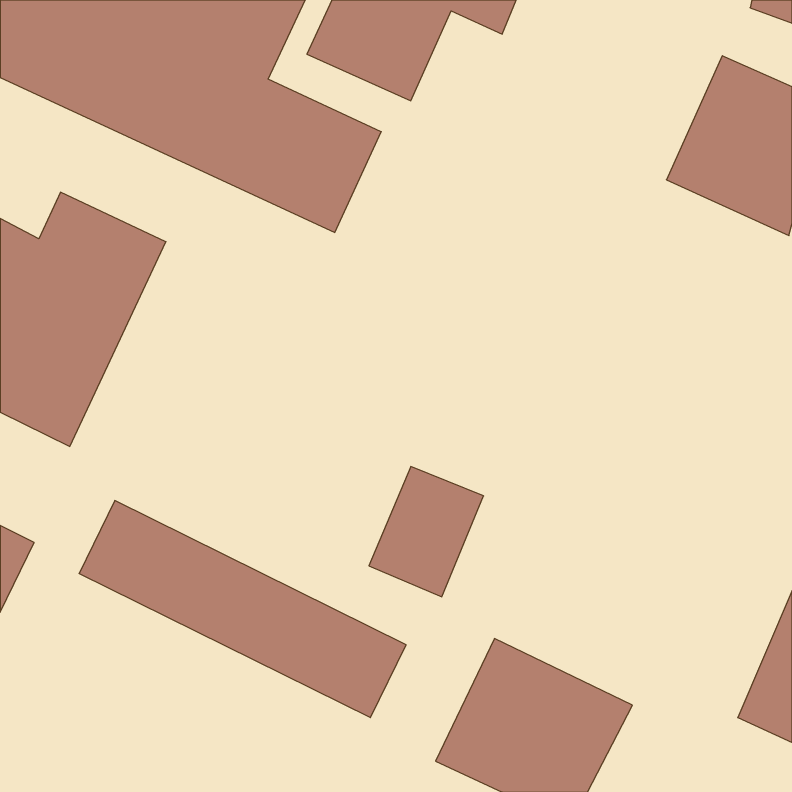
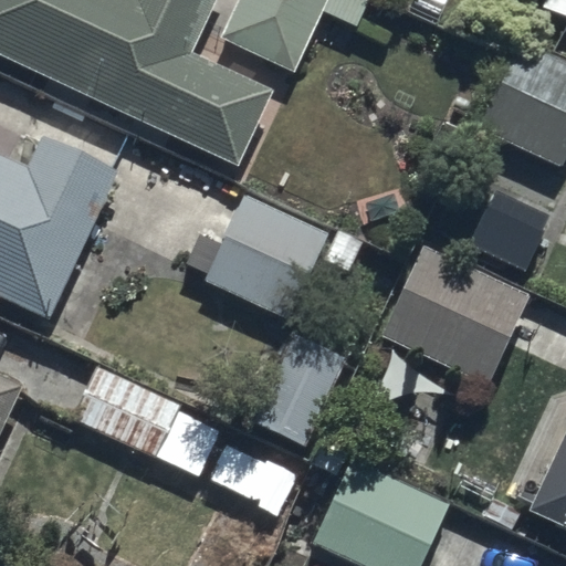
building: none -> [207,195,328,317]
building: none -> [380,249,528,387]

